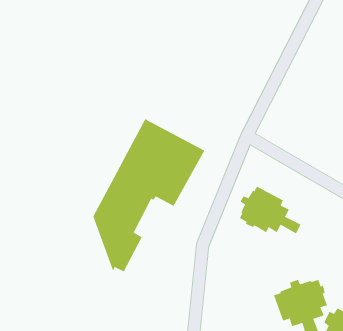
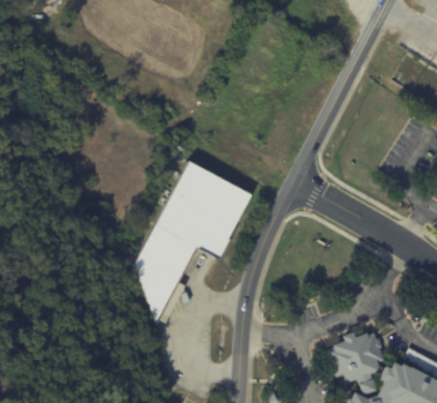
building: [239,186,301,234] -> none

